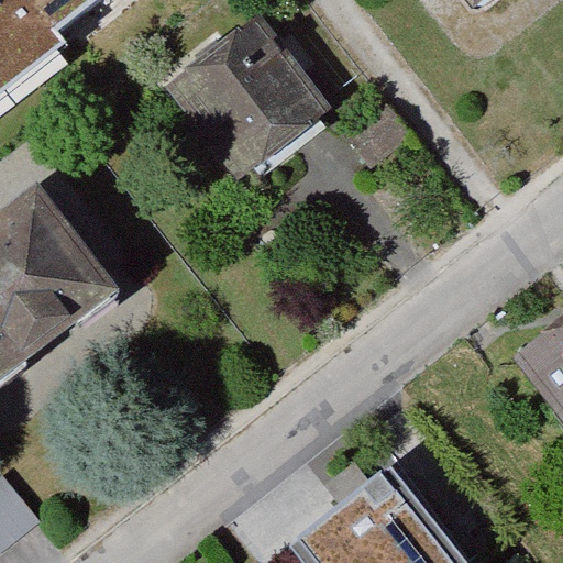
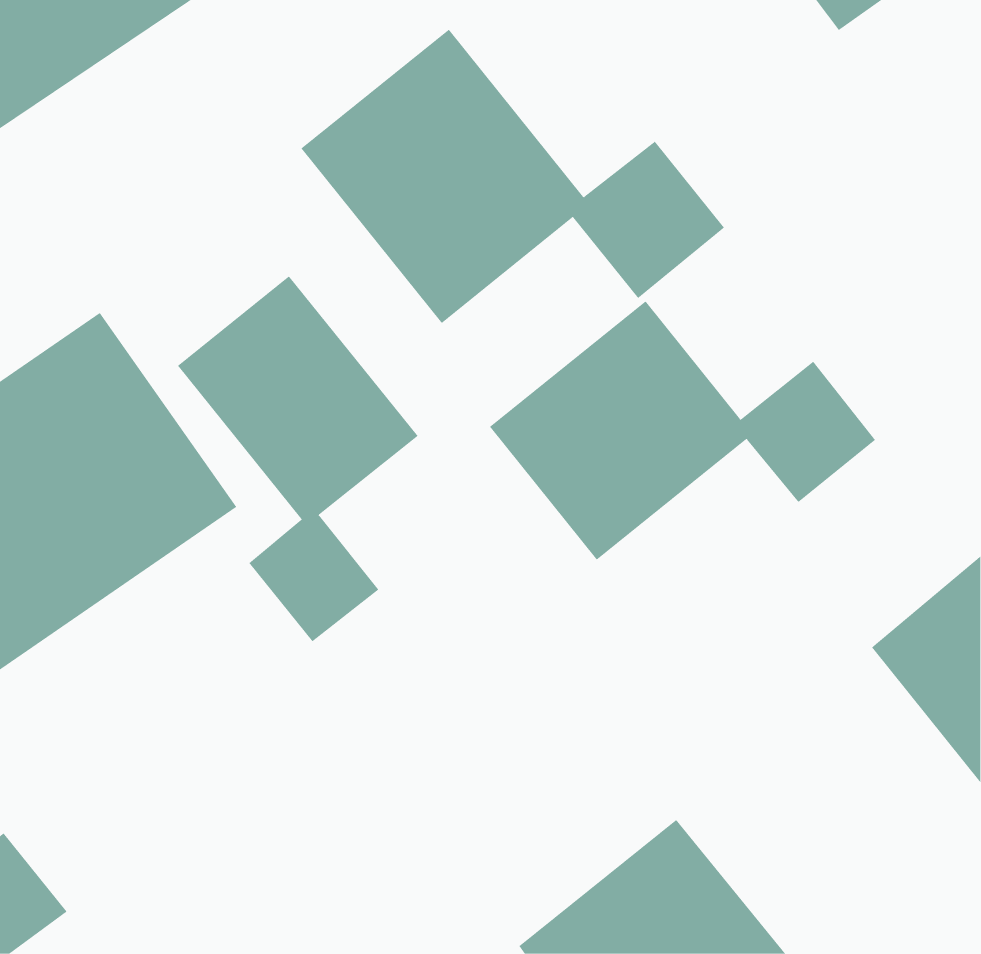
building: none -> [177,276,418,642]
building: none -> [489,300,876,560]

